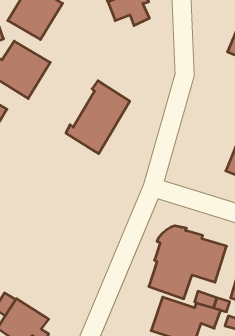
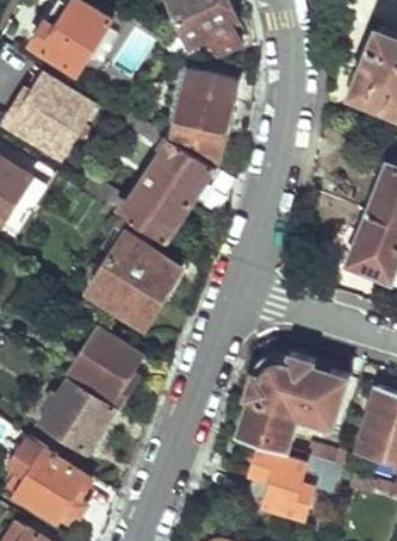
building: none -> [166,71,231,166]
building: none -> [91,212,178,330]
building: none -> [70,330,139,406]
building: none -> [39,381,112,454]

